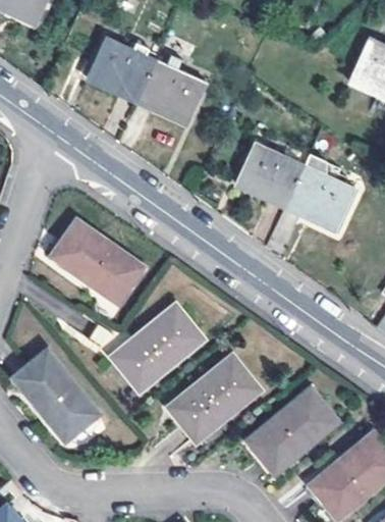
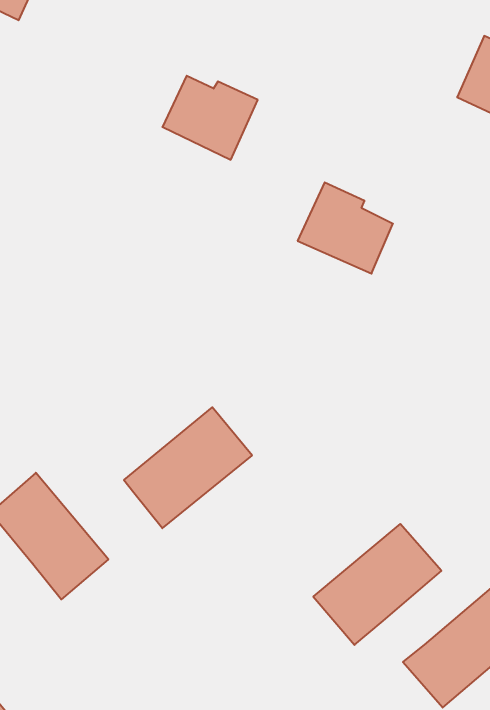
building: [88,38,156,103] -> none
building: [288,172,355,230] -> none
building: [50,218,142,301] -> none
building: [169,355,260,440] -> none

